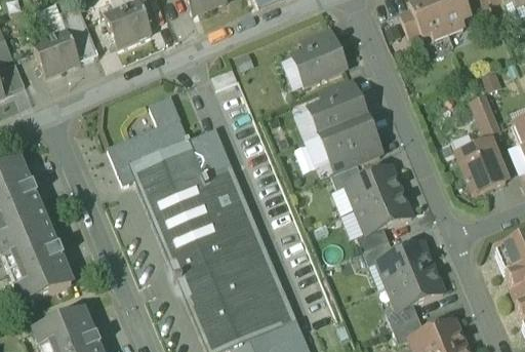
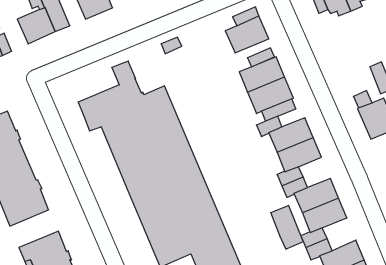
building: none -> [271,205,303,249]

